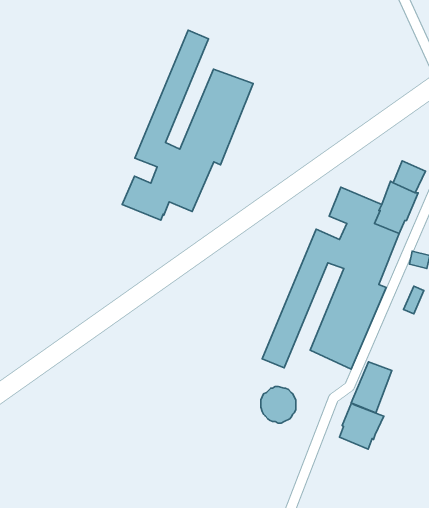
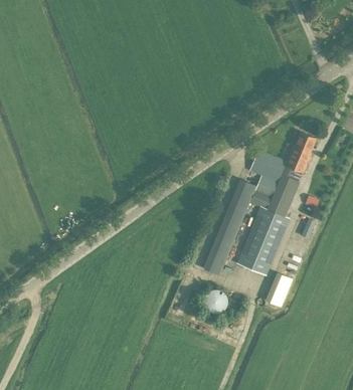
building: [122,30,253,220] -> none
building: [339,403,384,449] -> none

